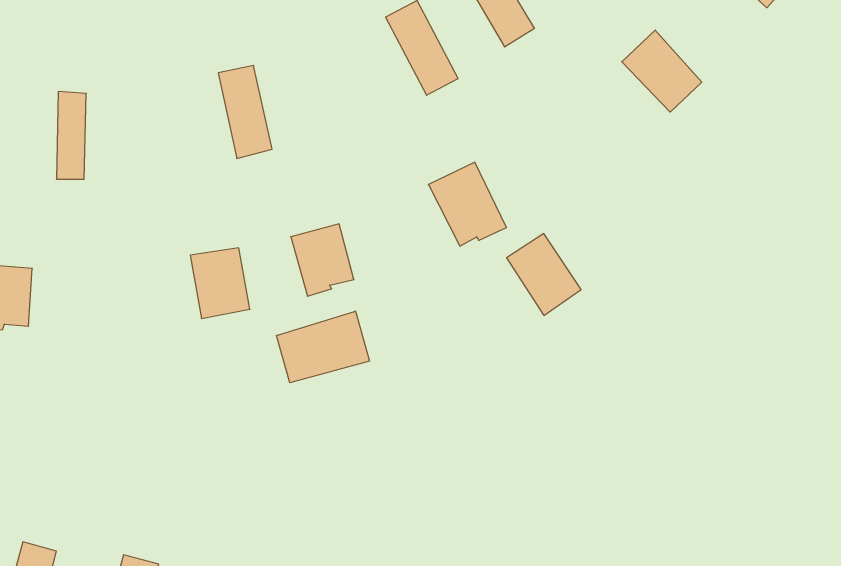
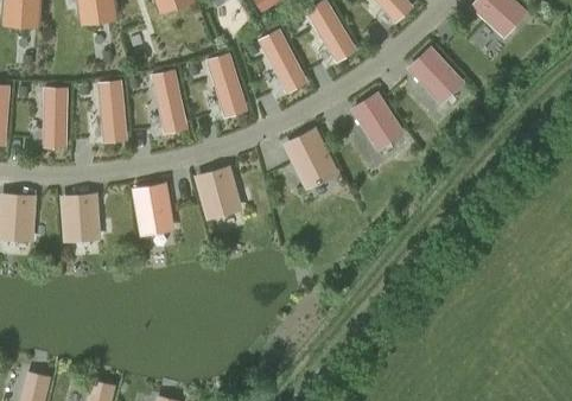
building: none -> [208,53,246,114]
building: none -> [98,81,126,139]
building: [507,234,581,315] -> [354,95,401,147]
building: none -> [63,198,97,241]
building: [277,311,370,383] -> none

